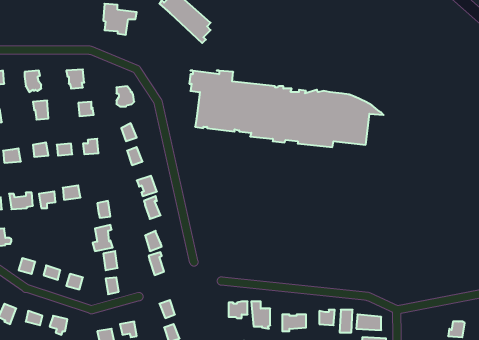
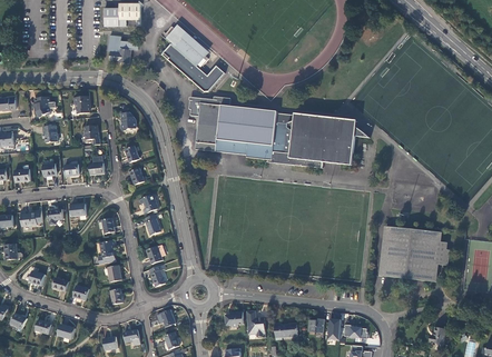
building: none -> [161,42,224,91]
building: none -> [381,226,449,281]

